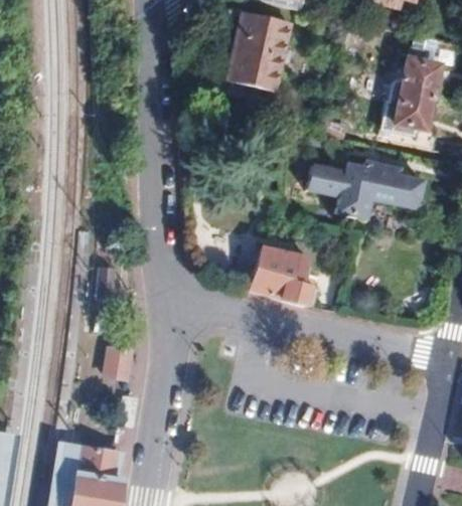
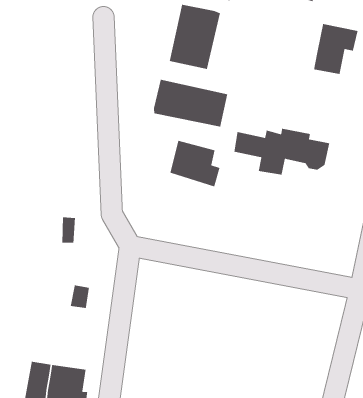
building: [391,68,439,149] -> none
building: none -> [153,79,228,128]
building: [252,248,313,306] -> [169,140,221,187]

